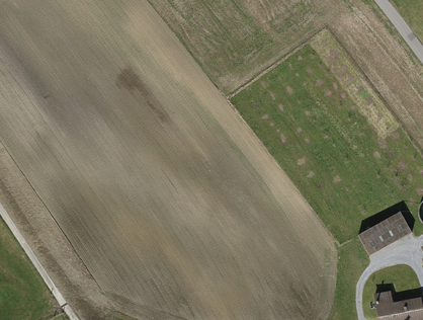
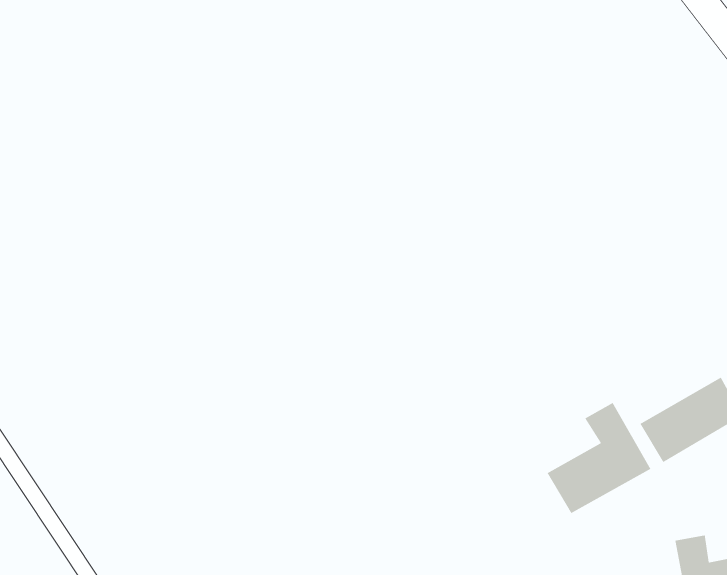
building: none -> [547,402,651,514]

